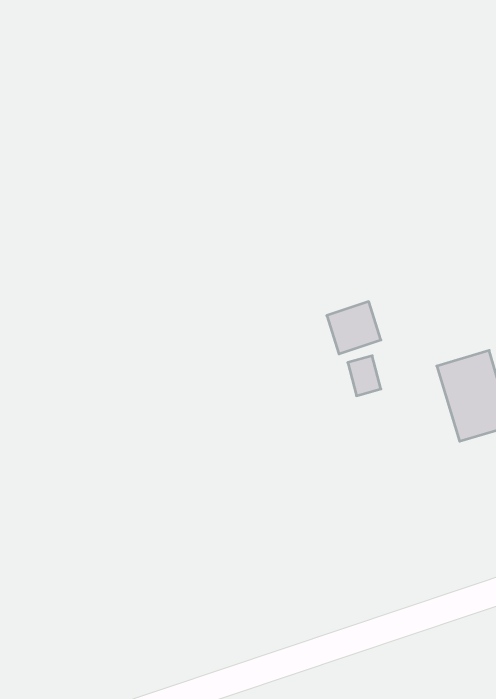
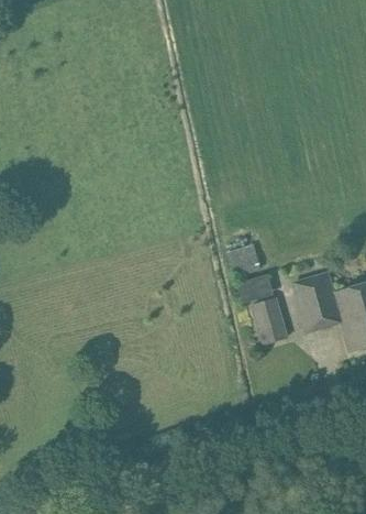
building: none -> [251,298,285,345]

